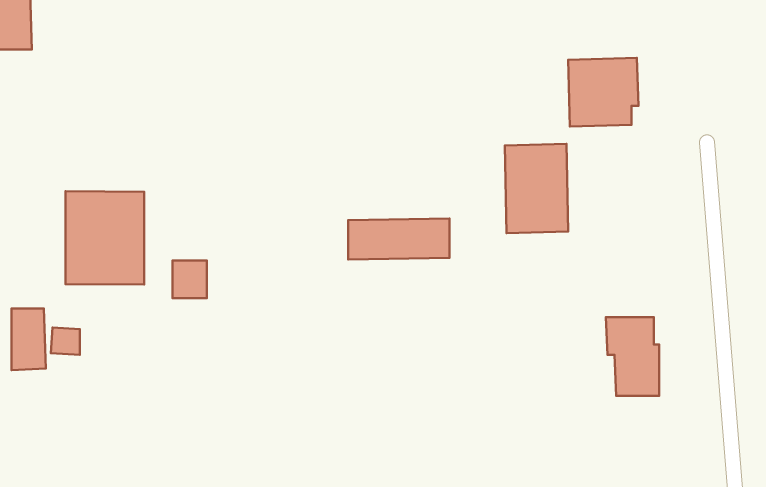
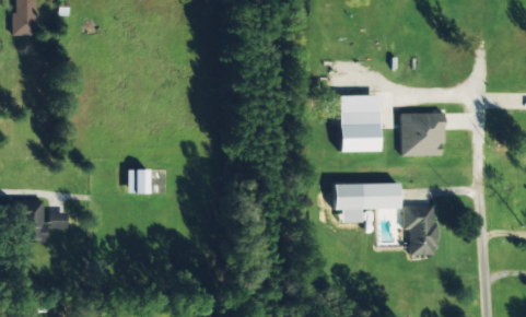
building: [568,58,638,127] -> [400,113,445,156]
building: [65,191,144,285] -> none
building: [348,218,449,260] -> [335,184,399,210]

